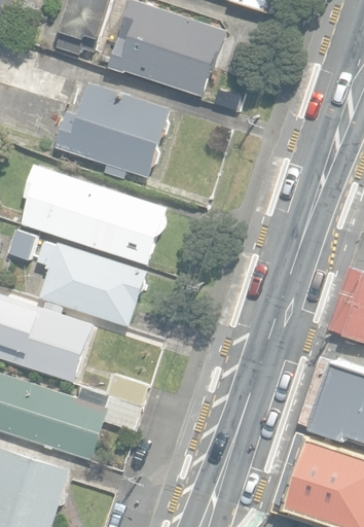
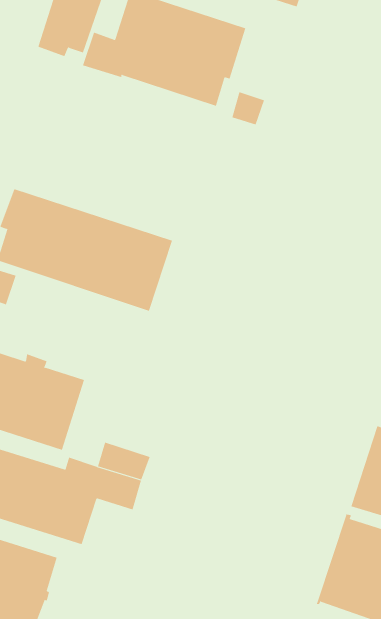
building: [53,82,169,178] -> none
building: [36,242,145,326] -> none

